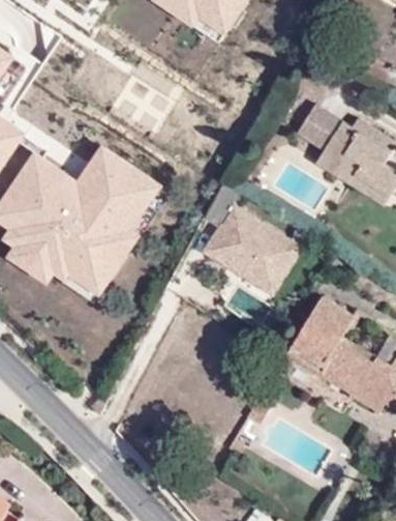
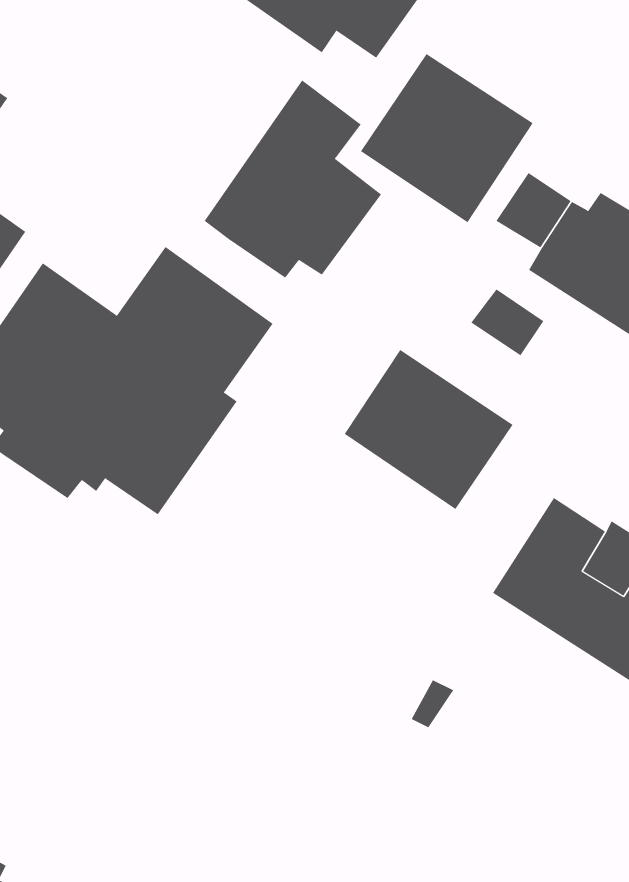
building: none -> [360,53,533,223]
building: none -> [204,80,382,278]
building: none -> [471,288,544,356]

